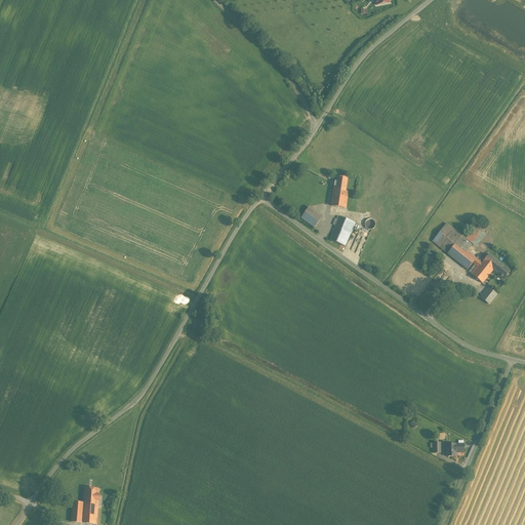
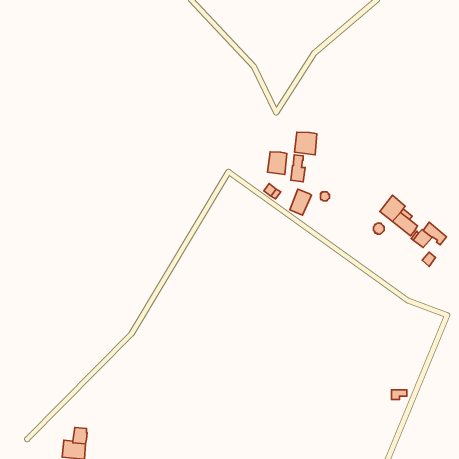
building: none -> [294,132,317,155]
building: none -> [267,152,287,175]

